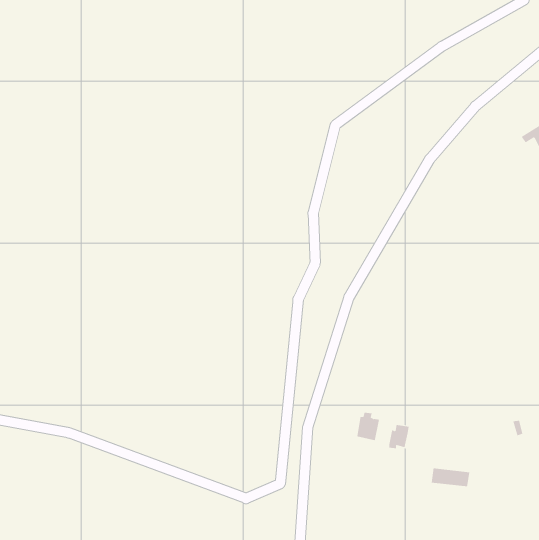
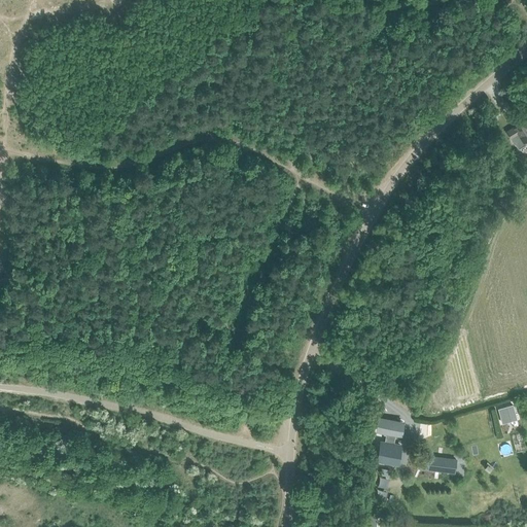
building: [357,412,380,441] -> [381,440,403,467]

